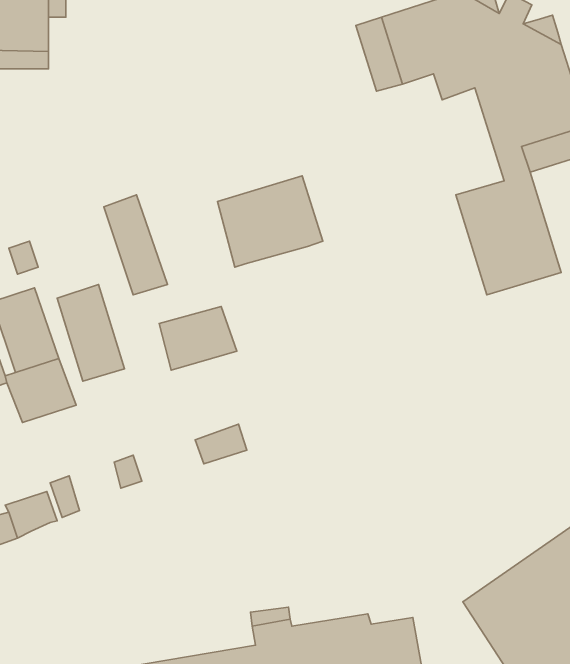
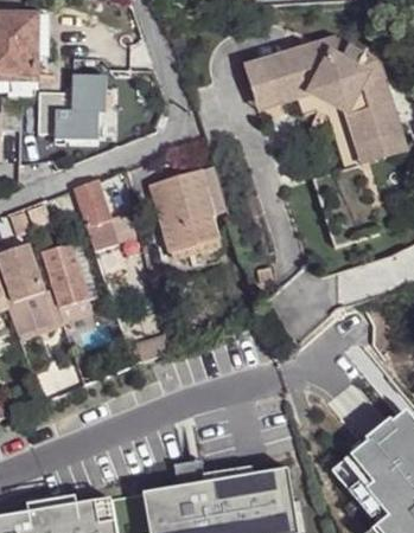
building: none -> [39,75,100,141]
building: [159,306,237,370] -> [171,214,224,258]

